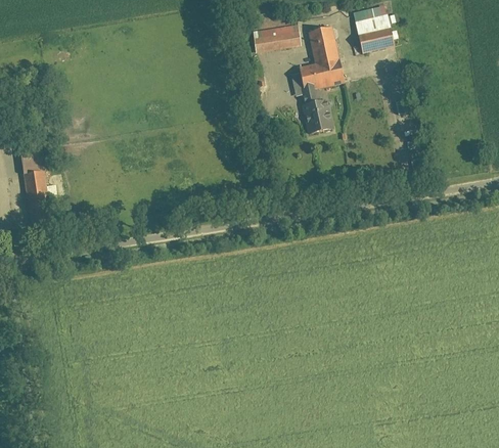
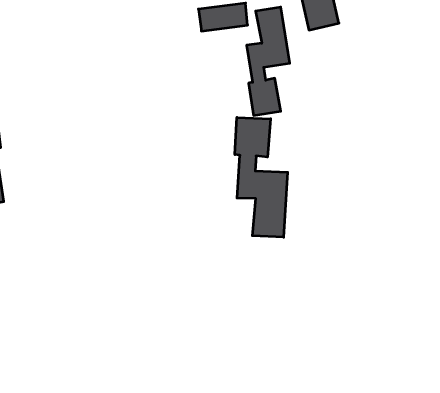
building: none -> [235,117,288,237]

